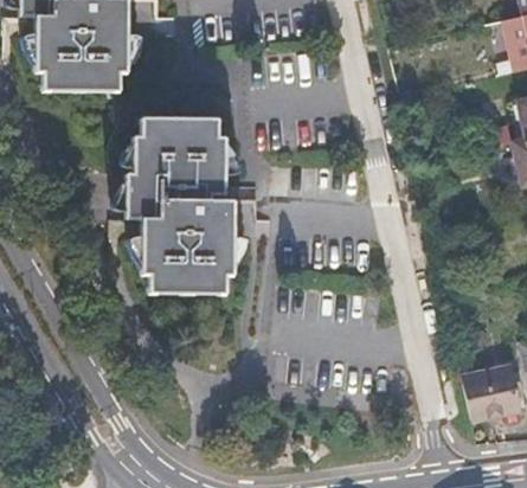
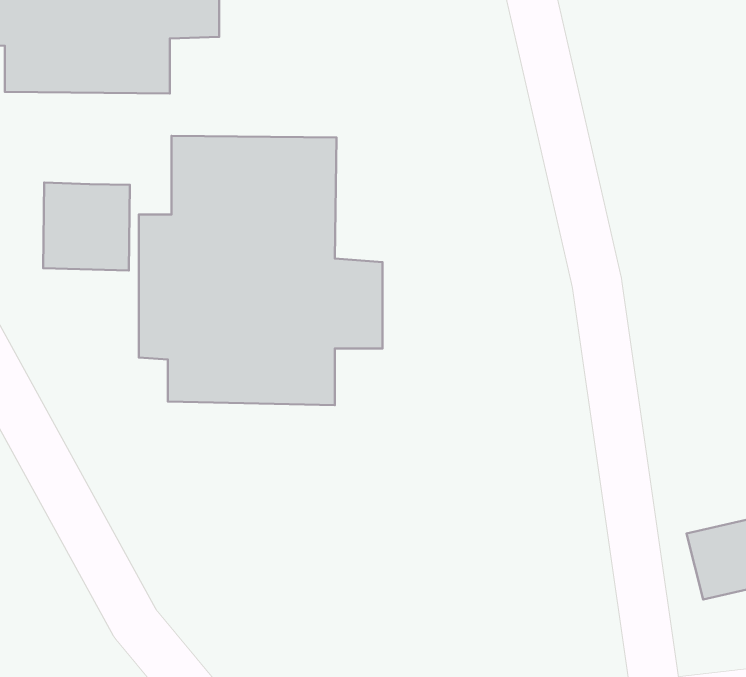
building: none -> [43,183,130,271]

